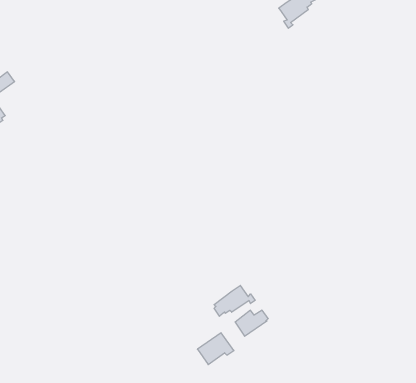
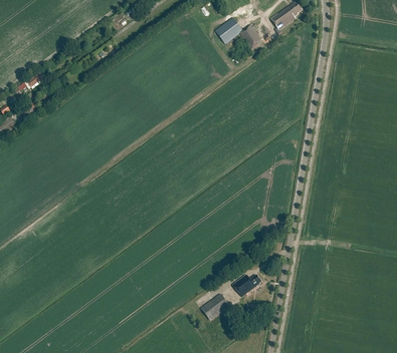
building: none -> [215,17,261,48]
building: [214,285,255,316] -> none

